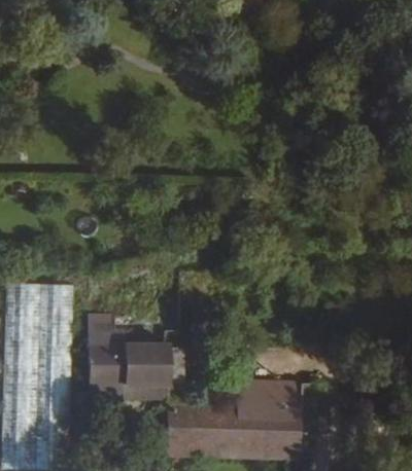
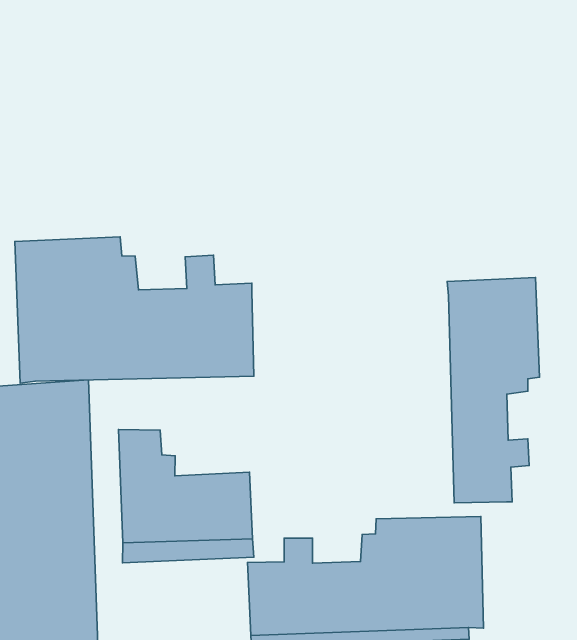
building: none -> [15,237,254,383]
building: none -> [447,278,540,503]

